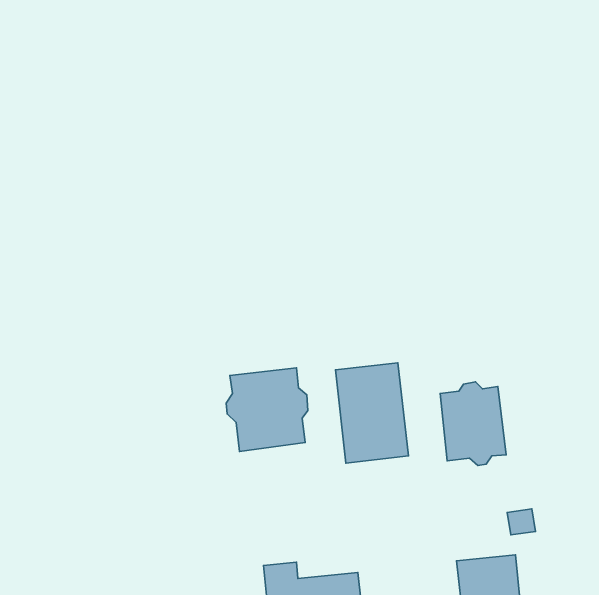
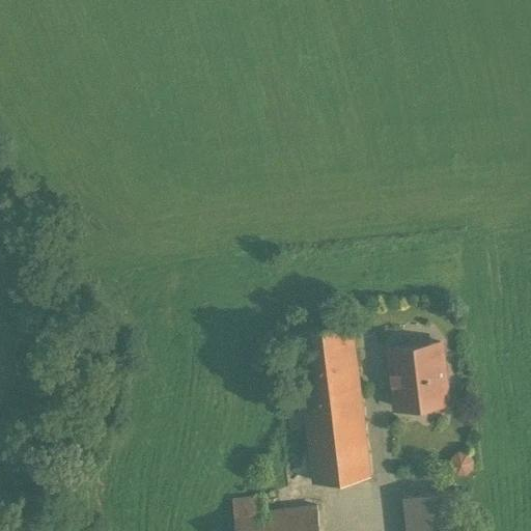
building: [226,368,308,451] -> none
building: none -> [289,408,370,485]

